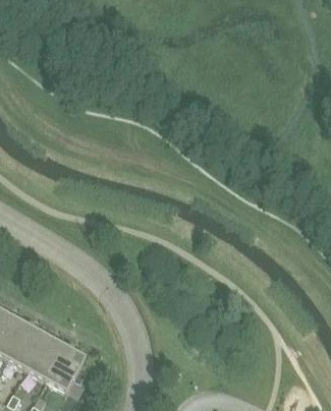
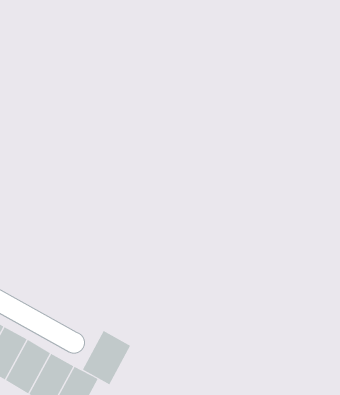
building: none -> [82,330,131,385]

